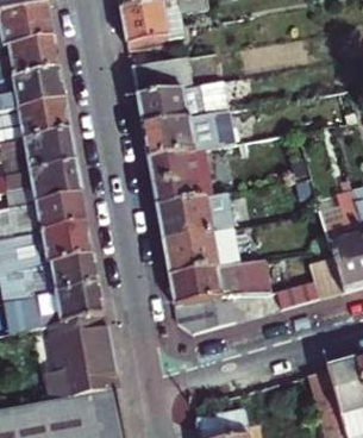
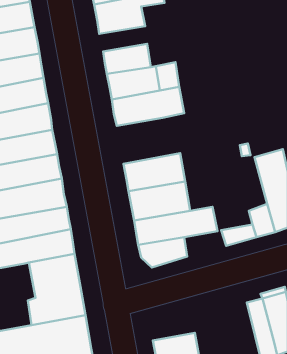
building: [152,150,217,206] -> none

